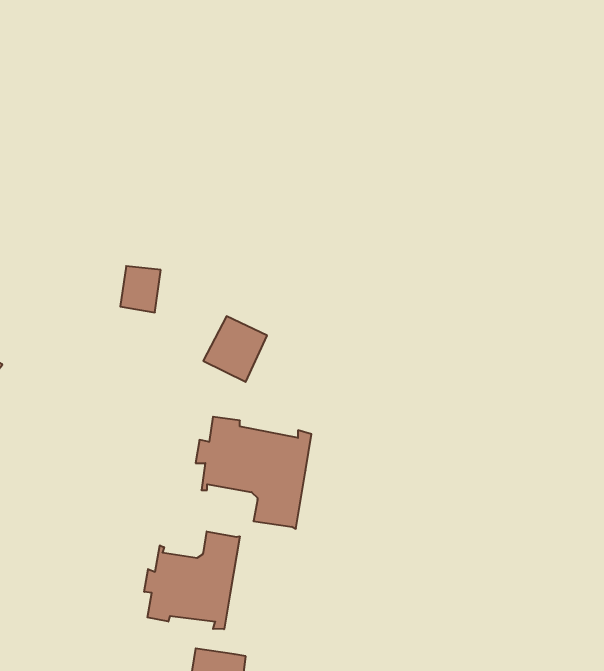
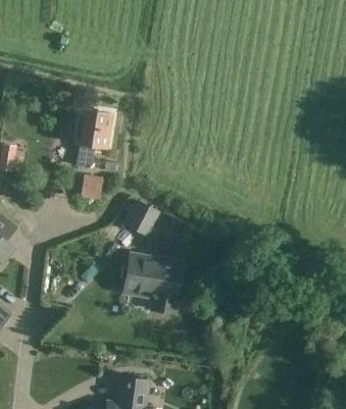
building: none -> [70,108,110,168]
building: [144,531,240,629] -> none

